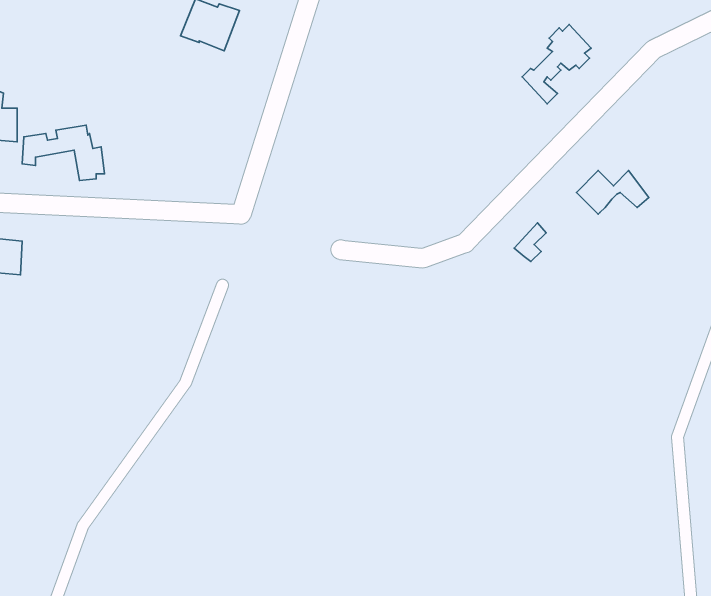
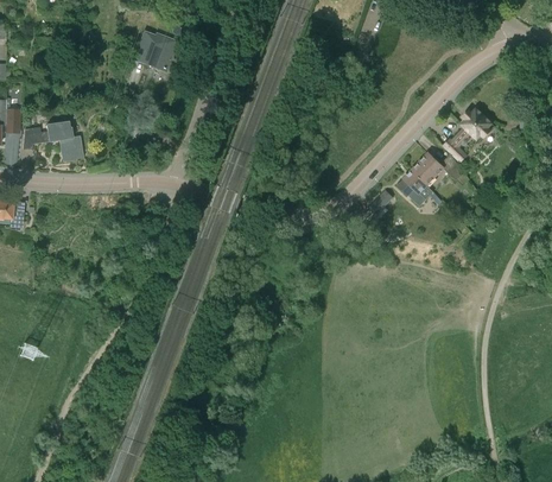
building: [522,25,591,104] -> [443,108,491,164]
building: none -> [398,169,433,205]

